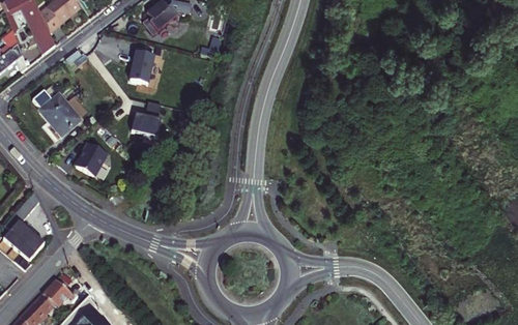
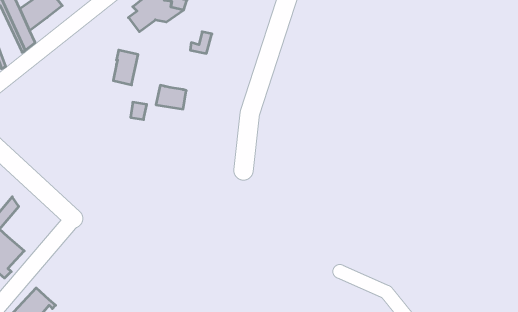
building: [42,95,80,136] -> none
building: [133,114,162,137] -> [156,85,186,109]
building: [75,142,107,176] -> none

